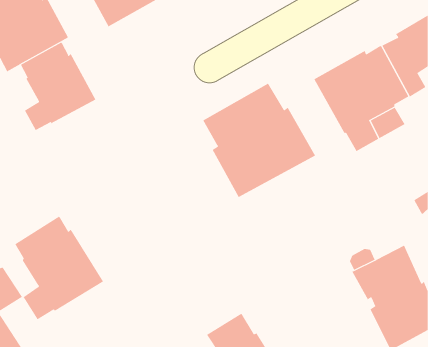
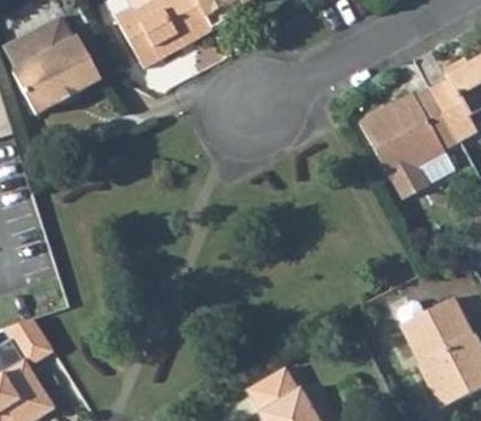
building: [20,42,96,131] -> none
building: [202,83,316,198] -> none
building: [14,216,104,320] -> none

